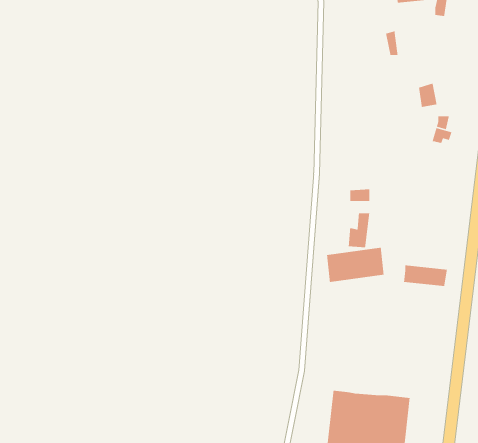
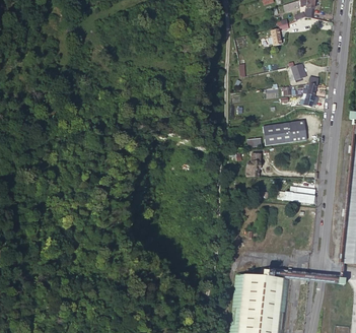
building: [326,247,384,283] -> [267,121,306,145]

